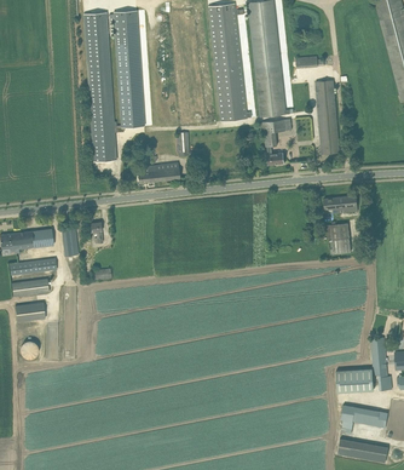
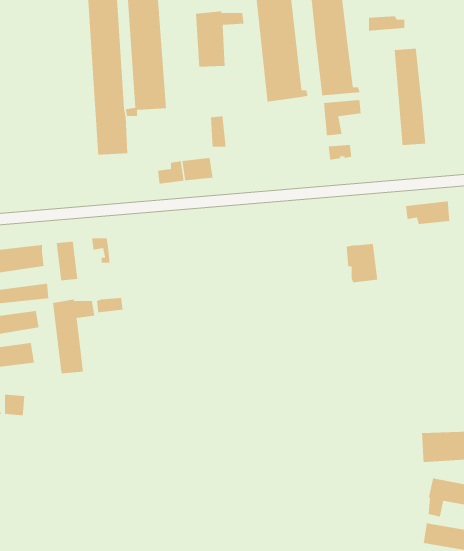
building: none -> [195,11,244,67]
building: [327,223,351,253] -> [346,243,378,283]
building: none -> [52,299,95,374]

